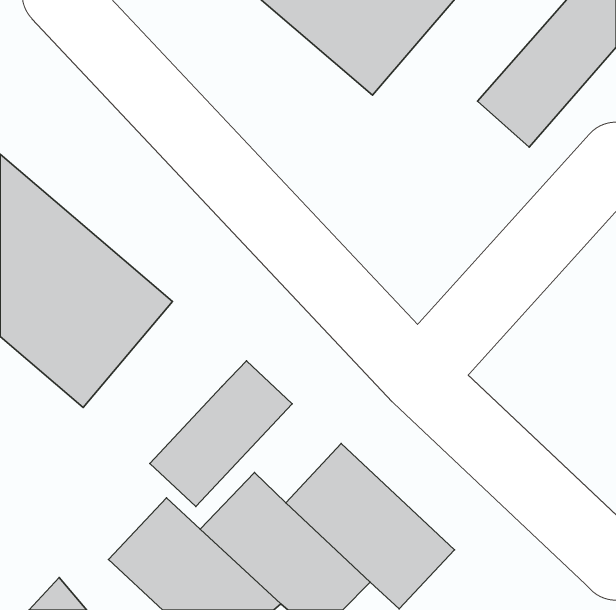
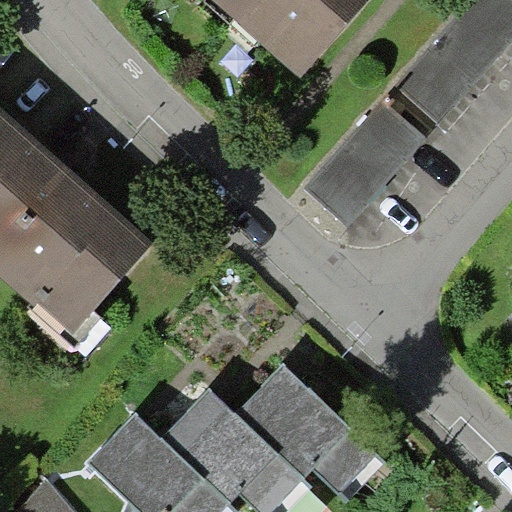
building: none -> [307,97,427,222]
building: [150,361,292,506] -> none

